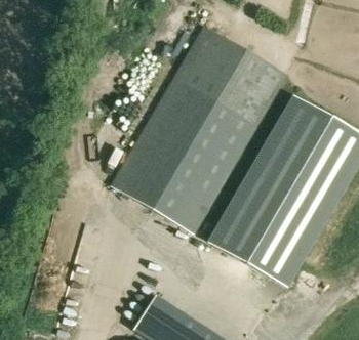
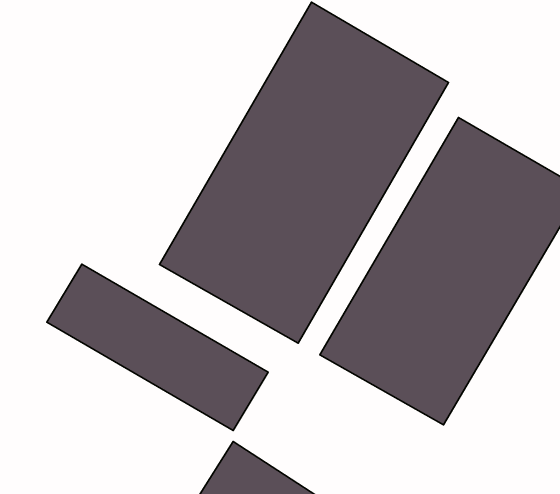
building: none -> [47,264,268,430]

